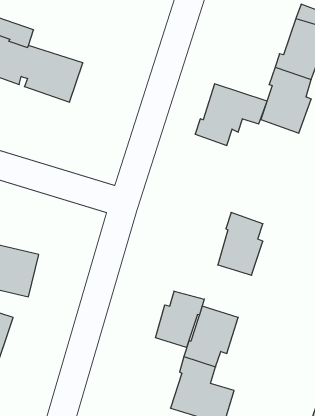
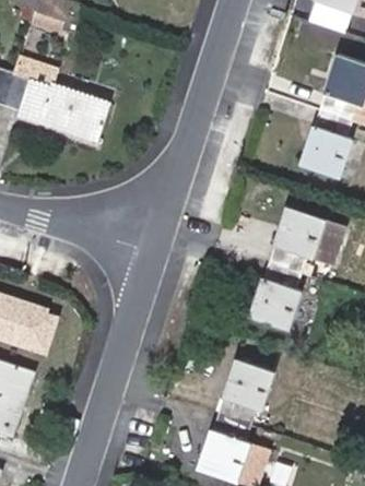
building: [195,84,267,145] -> [267,208,343,273]
building: [155,291,204,348] -> none

